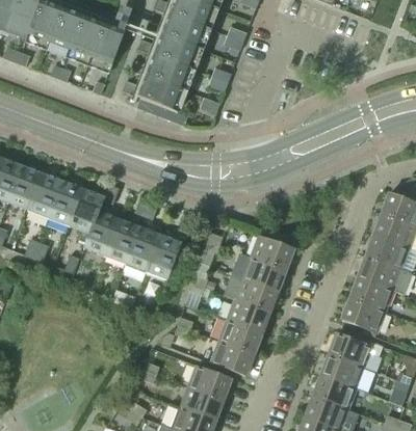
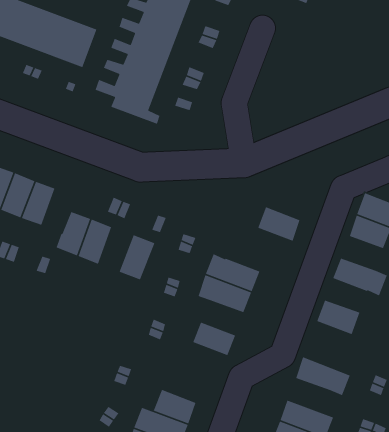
building: [70,184,119,232] -> none
building: [126,225,160,270] -> none
building: [251,234,293,269] -> [257,206,300,242]
building: [365,235,408,268] -> none
building: [349,276,392,309] -> none
building: [227,298,269,332] -> none
building: [328,331,382,372] -> none
building: [211,340,254,375] -> none
building: [188,365,231,399] -> none
building: [312,375,359,413] -> none

